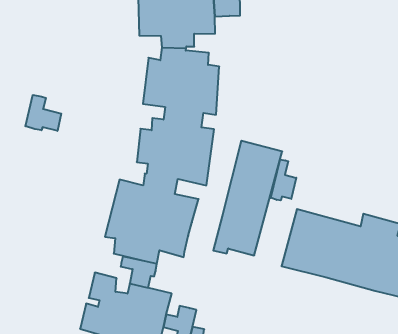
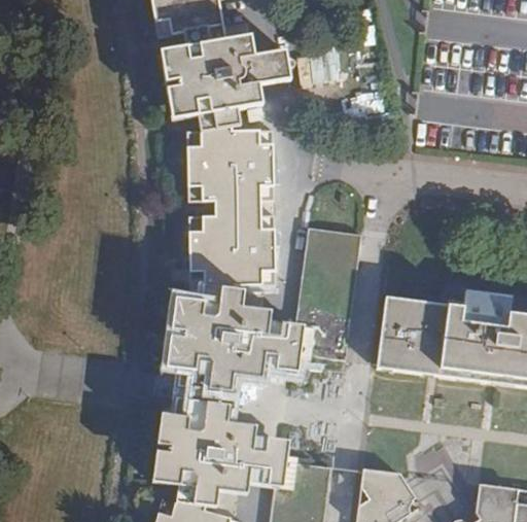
building: [25,95,61,131] -> none
building: [271,159,296,200] -> none
building: none -> [259,315,298,372]

